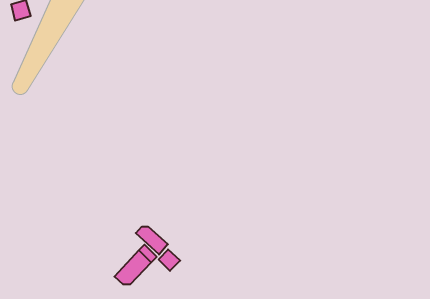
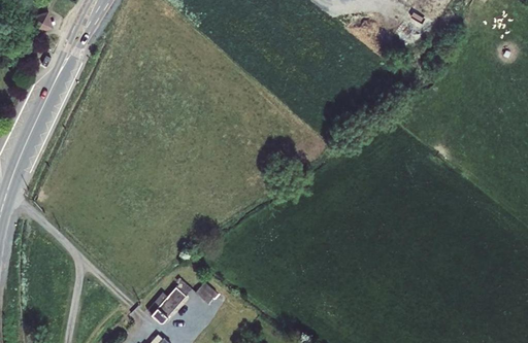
building: [136,227,168,255] -> none

